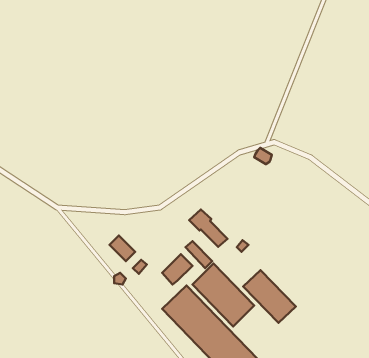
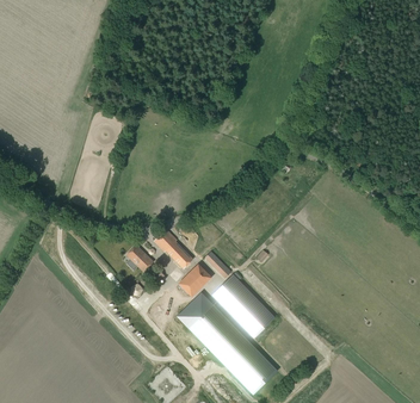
building: [189,210,228,247] -> [153,229,192,267]
building: [243,270,296,323] -> none

